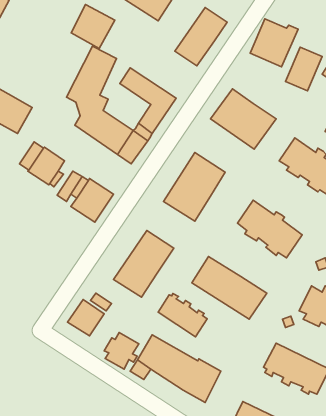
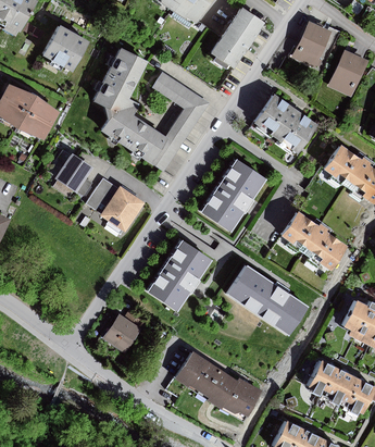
building: [71,5,115,48] -> [45,25,90,71]
building: [158,293,207,337] -> none
building: [104,332,139,369] -> none

